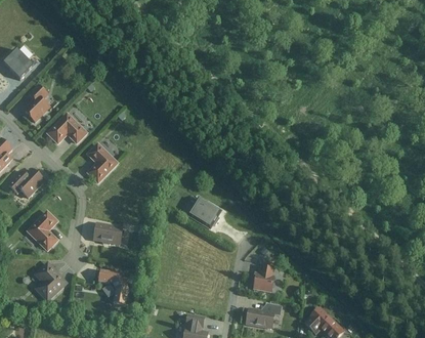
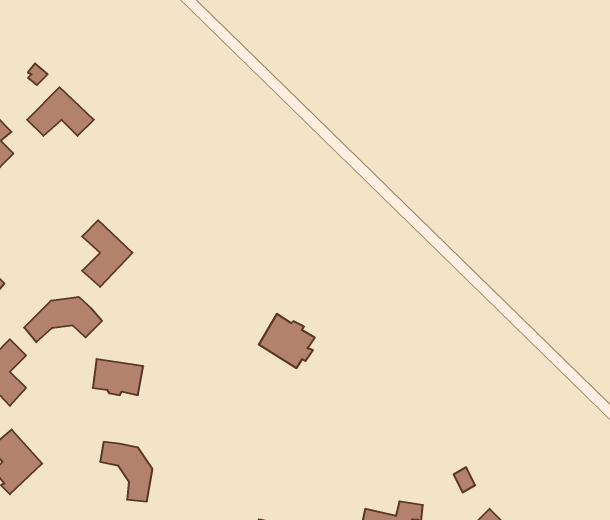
building: [47,114,85,141] -> [27,87,94,136]
building: none -> [24,297,102,342]
building: [253,265,273,291] -> none

